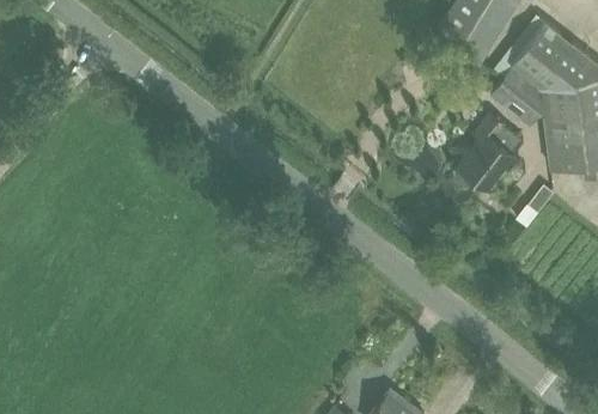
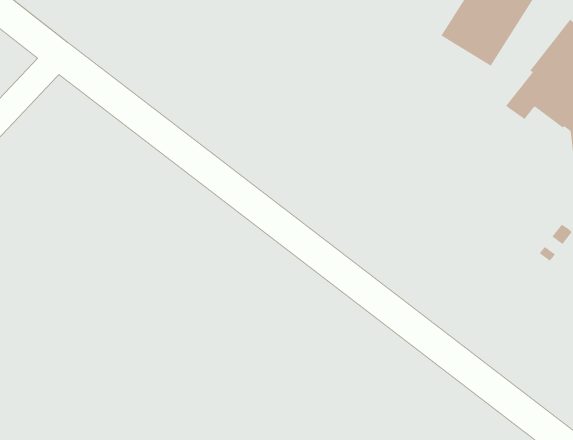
building: [456,115,523,190] -> none

